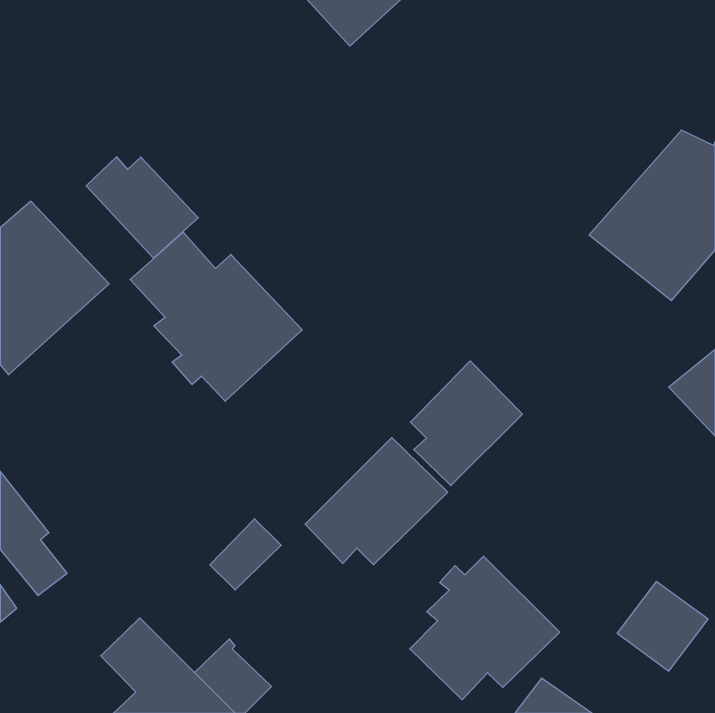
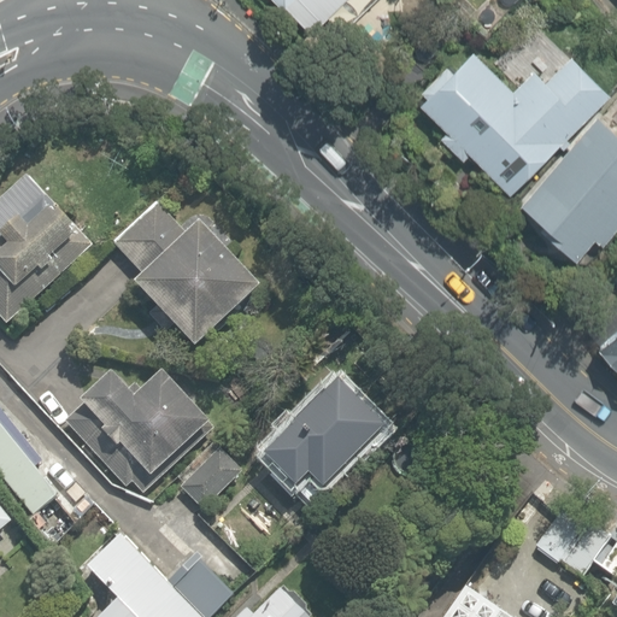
building: none -> [410,46,599,190]
building: [86,157,198,258] -> none
building: [410,361,522,486] -> none
building: none -> [64,369,215,493]
building: [410,556,560,700] -> none

